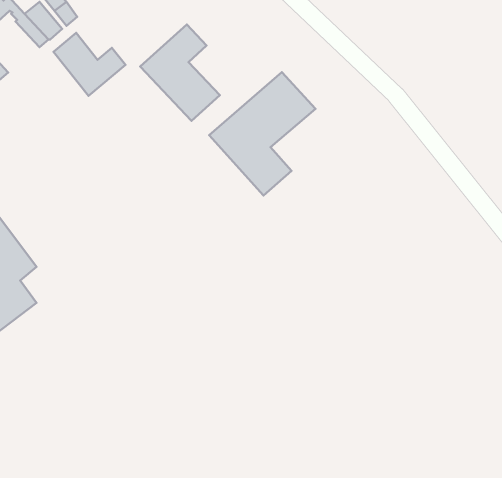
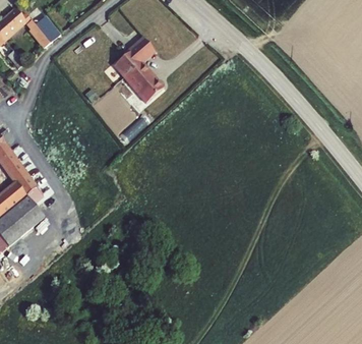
building: [53,33,126,96] -> none
building: [209,72,315,196] -> none

